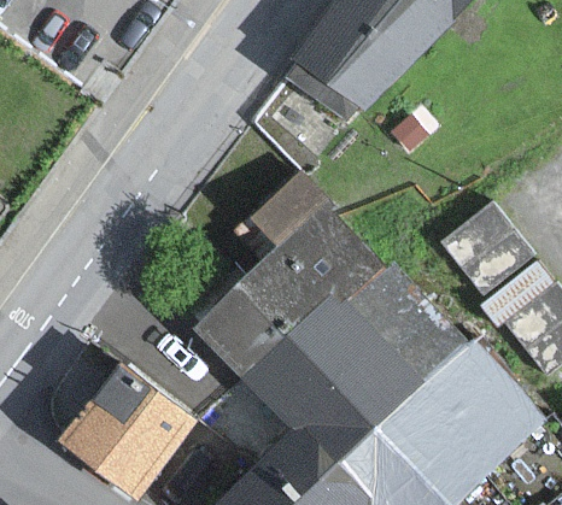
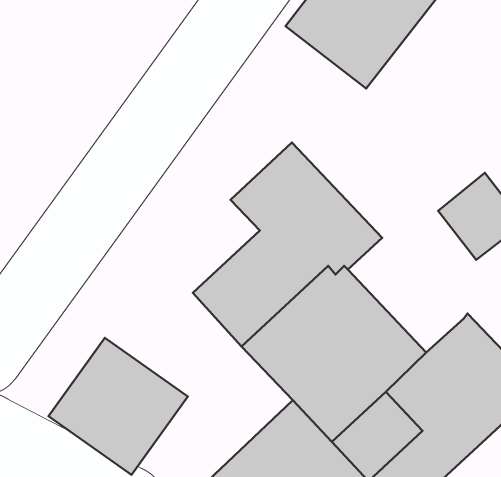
building: [353,265,468,381] -> none

